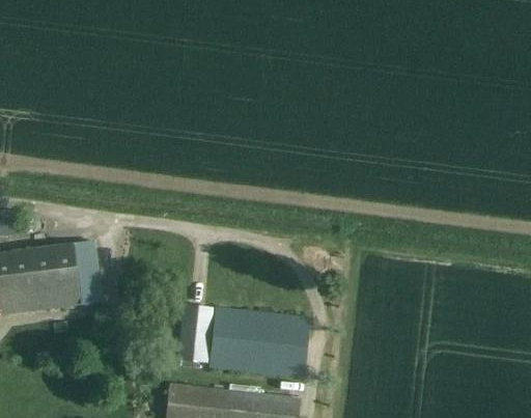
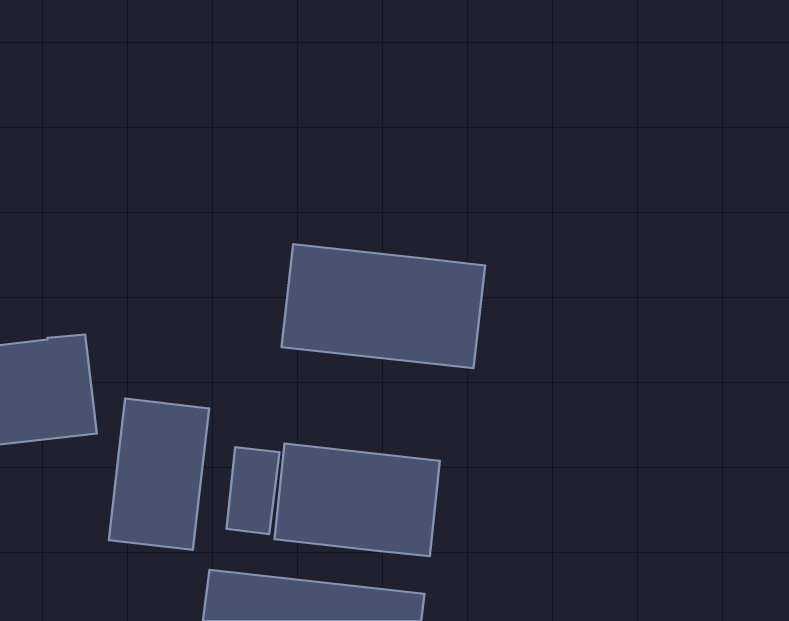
building: none -> [281,244,485,368]
building: none -> [109,398,209,550]

